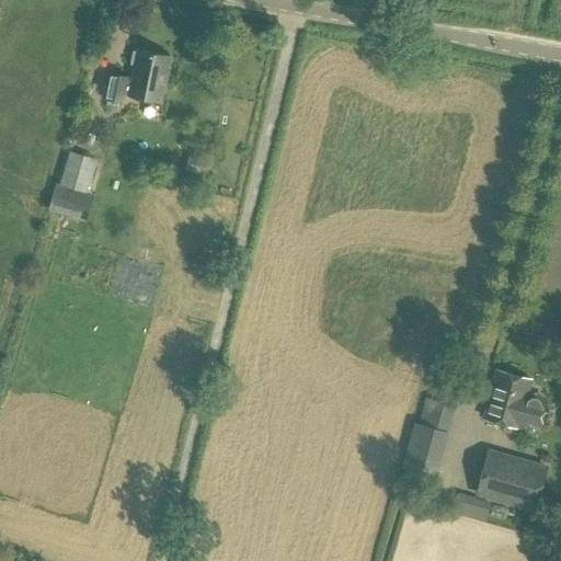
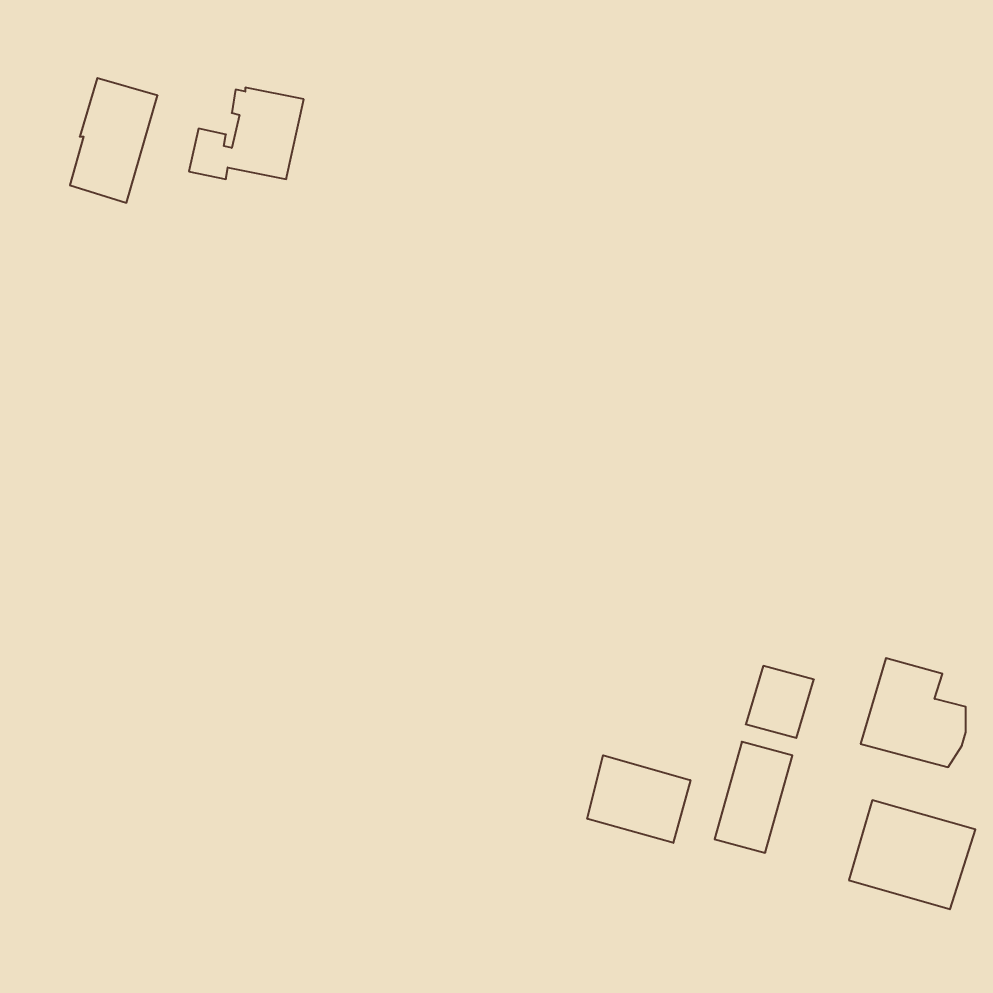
building: [48,149,98,219] -> [70,78,158,203]
building: none -> [587,755,690,843]

